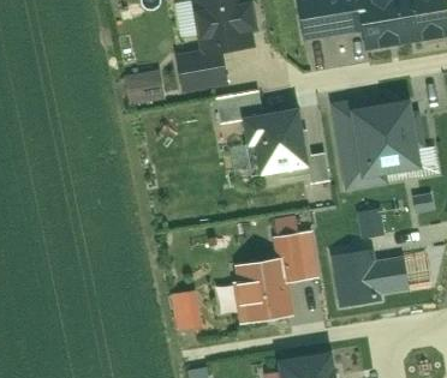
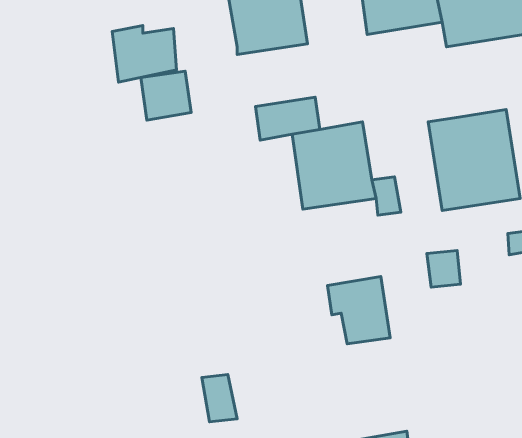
building: [177,49,227,94] -> [112,25,176,82]
building: [330,95,387,190] -> none
building: [332,248,410,308] -> none
building: [233,258,294,324] -> none

